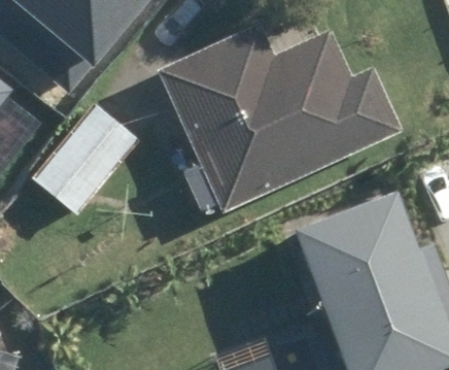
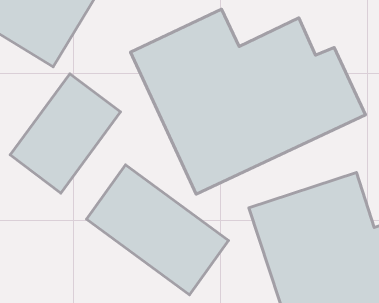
building: none -> [87,165,228,295]

